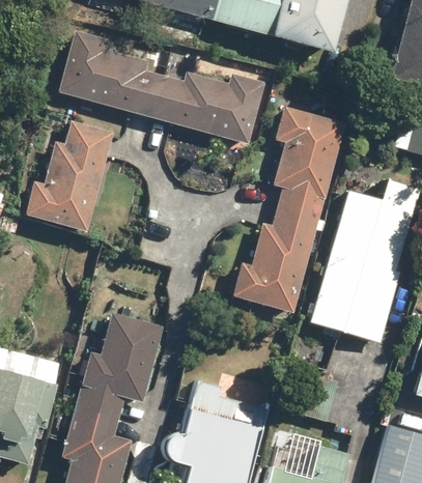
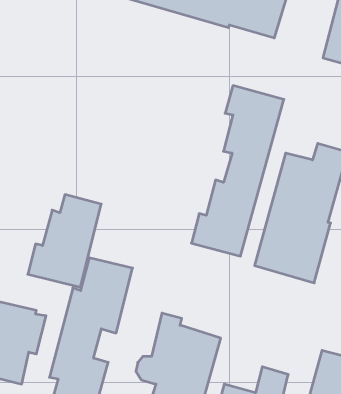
building: [59,31,263,144] -> none
building: [26,120,114,231] -> [28,195,101,287]

